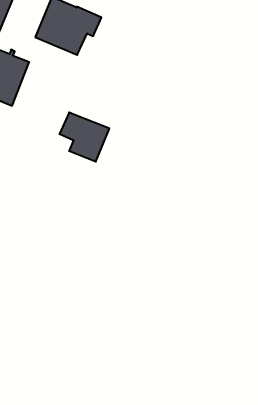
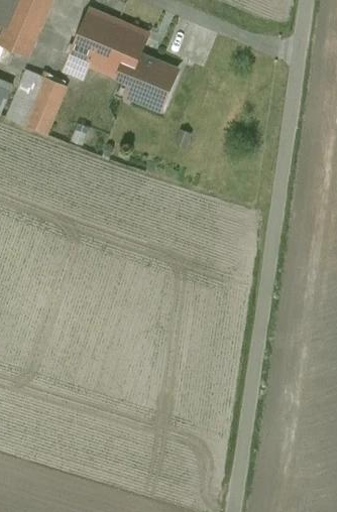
building: [59,112,109,162] -> [120,51,177,107]

